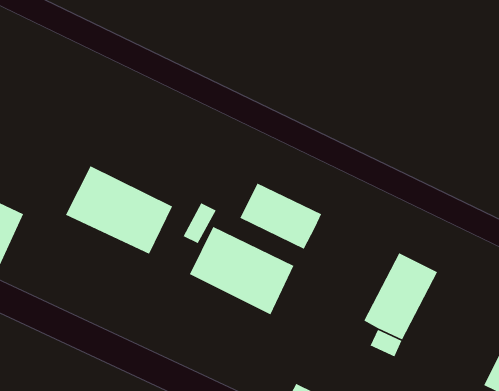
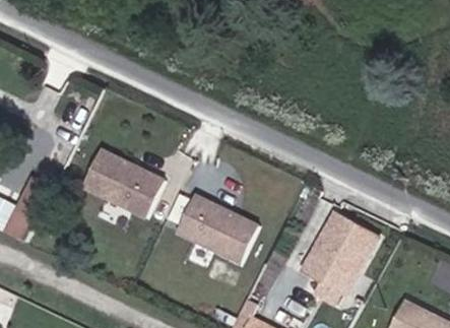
building: [239,182,322,250] -> none

